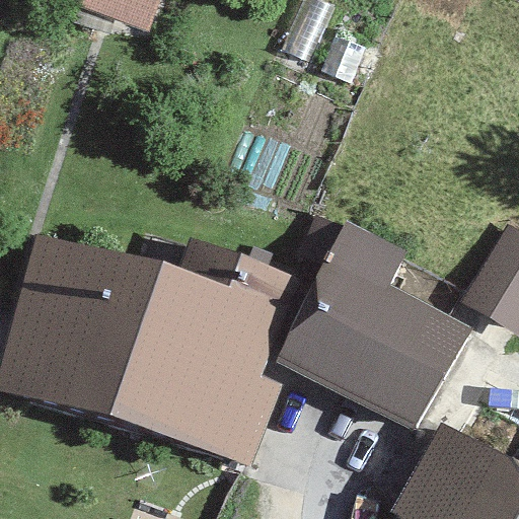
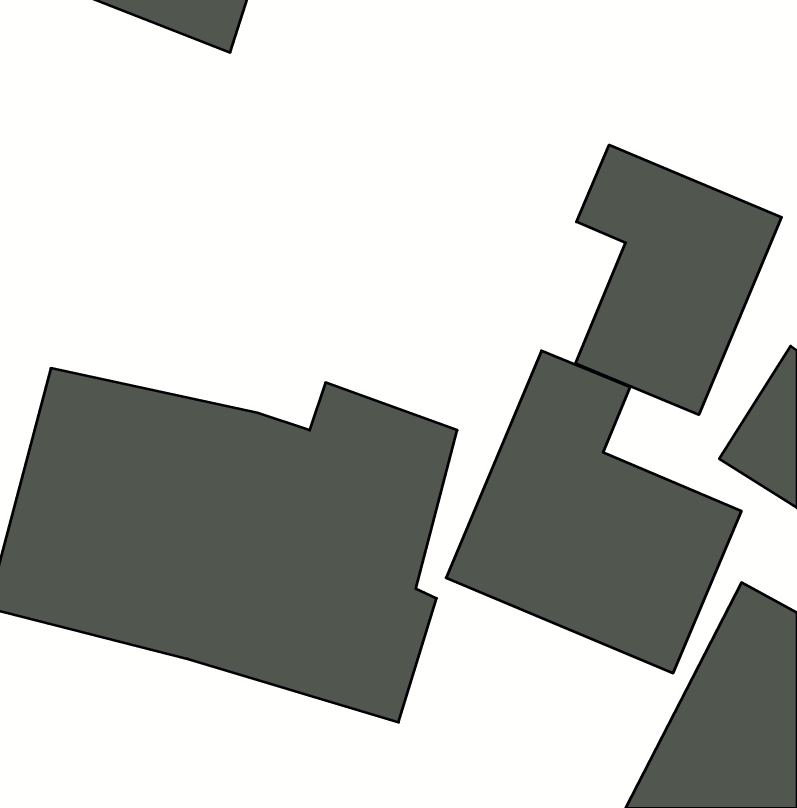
building: none -> [576,145,782,415]

